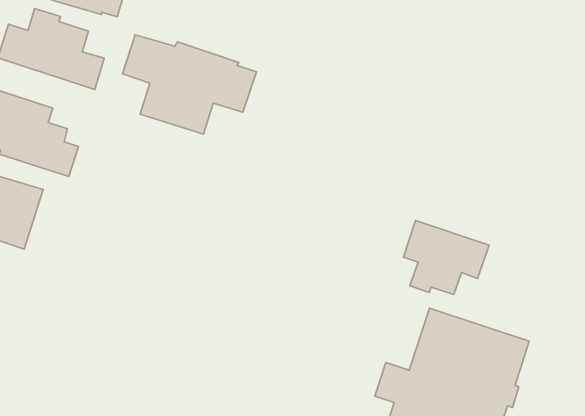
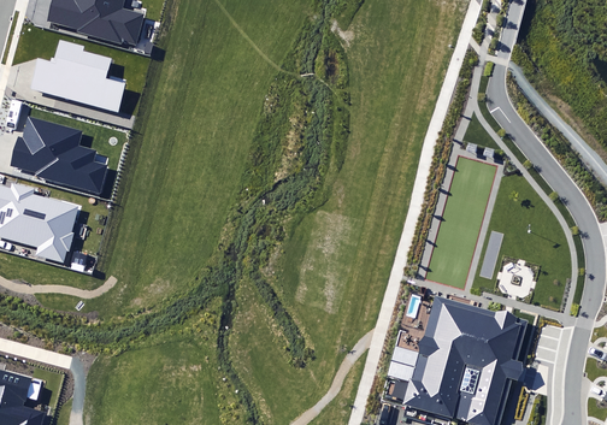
building: [123,35,256,134] -> none
building: [404,221,489,295] -> none

